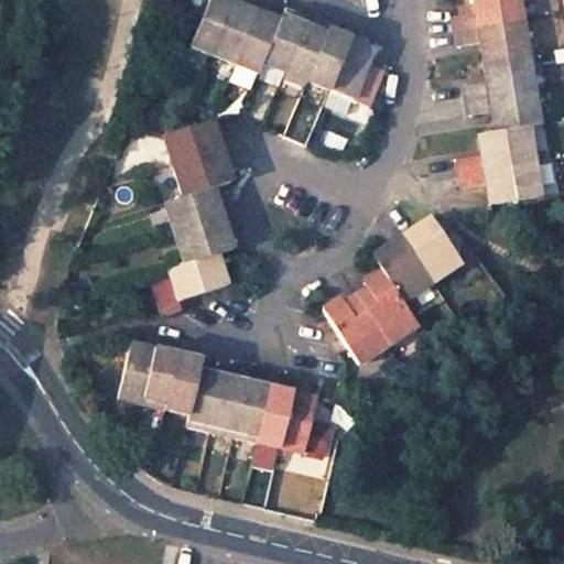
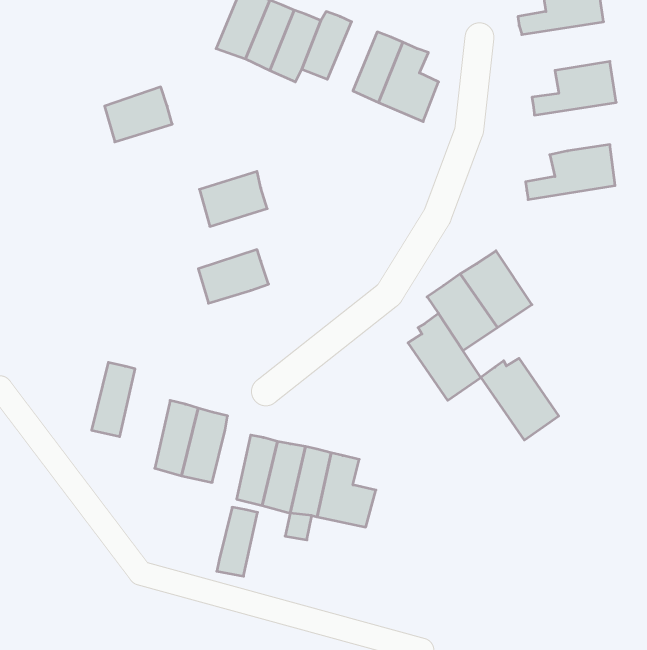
building: [288,19,330,78] -> none
building: [455,19,531,61] -> none
building: [466,88,542,130] -> none
building: [169,116,227,163] -> [105,87,172,142]
building: [460,160,542,205] -> none
building: [169,185,227,231] -> none
building: [170,250,231,299] -> none
building: [324,295,391,366] -> [481,358,559,440]
building: [115,339,152,403] -> [92,362,135,437]
building: [186,370,221,430] -> [217,507,258,576]

